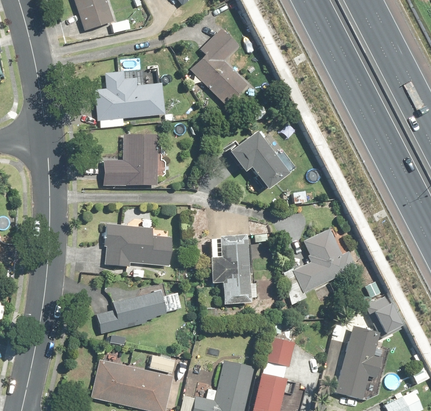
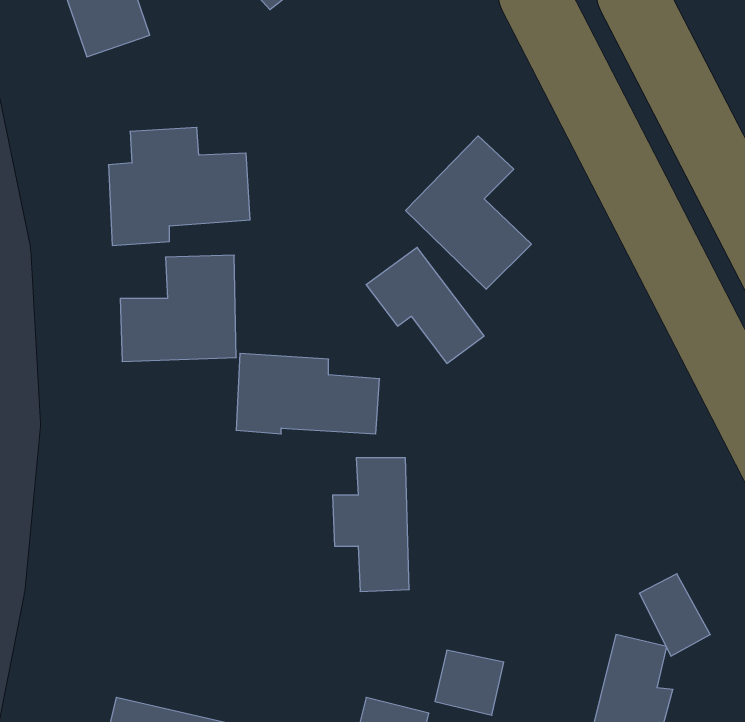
building: [187,28,251,106] -> [406,136,531,289]
building: [104,223,177,264] -> [236,353,380,434]
building: [291,227,357,291] -> none
building: [97,291,165,332] -> none

